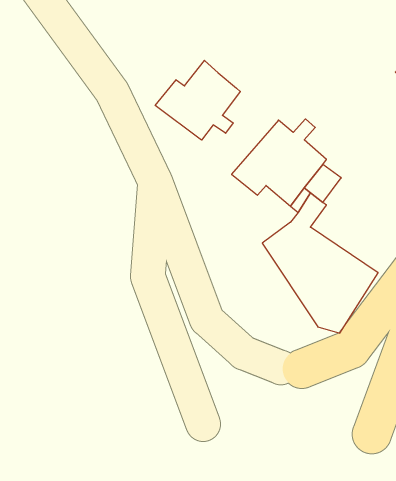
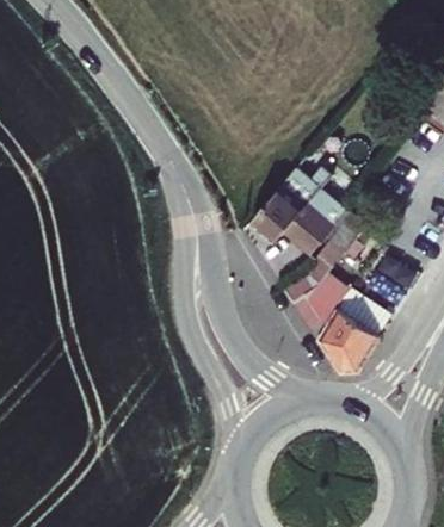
building: [155,60,240,140] -> none

